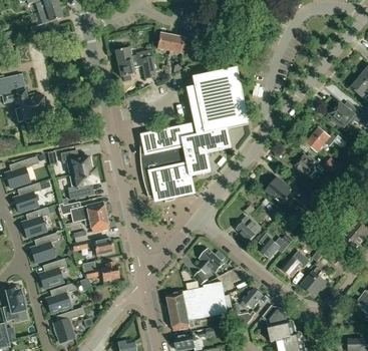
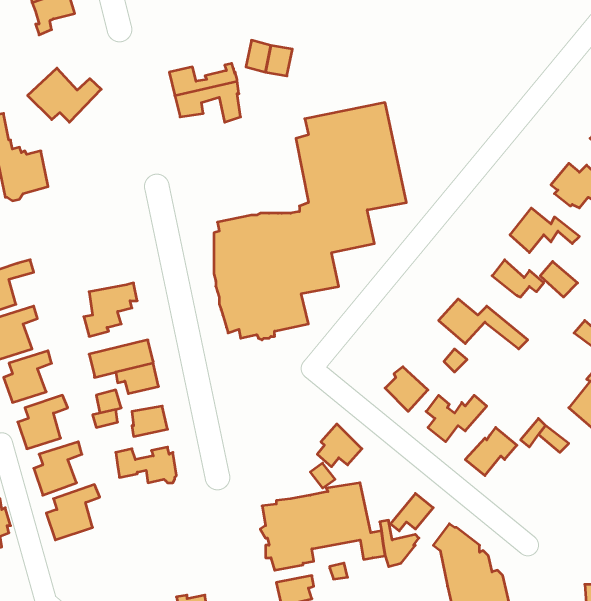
building: none -> [28,68,101,122]
building: [60,150,91,174] -> none
building: [302,263,329,296] -> none
building: [53,307,84,343] -> none

